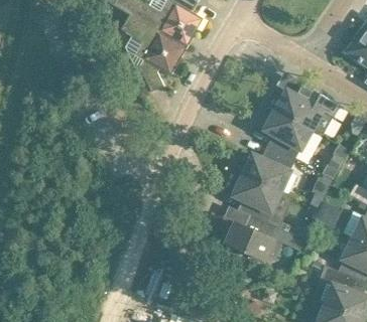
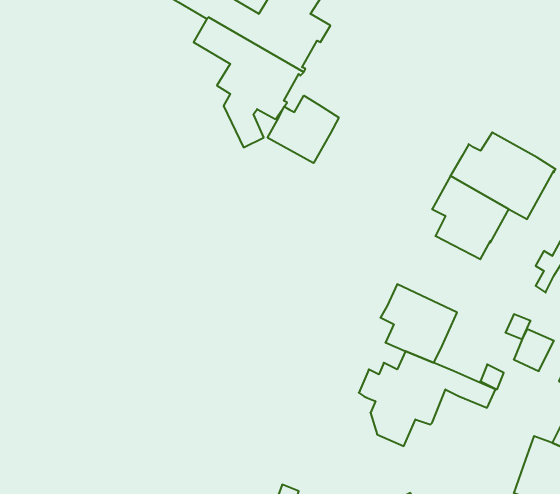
building: none -> [268,96,339,163]
building: [244,145,294,191] -> none

